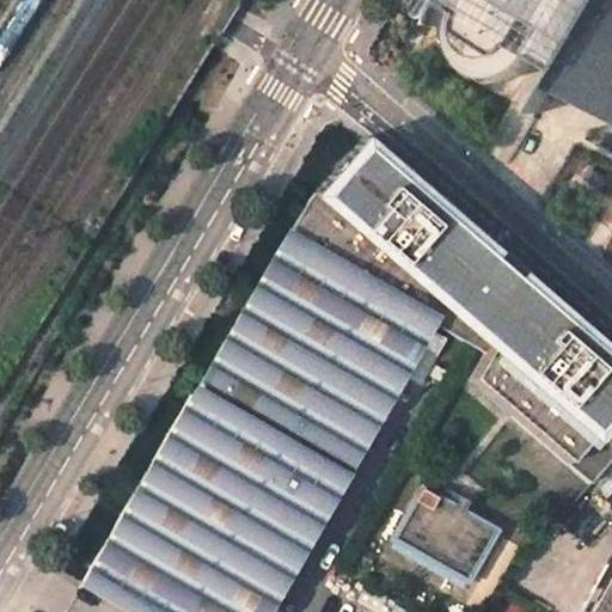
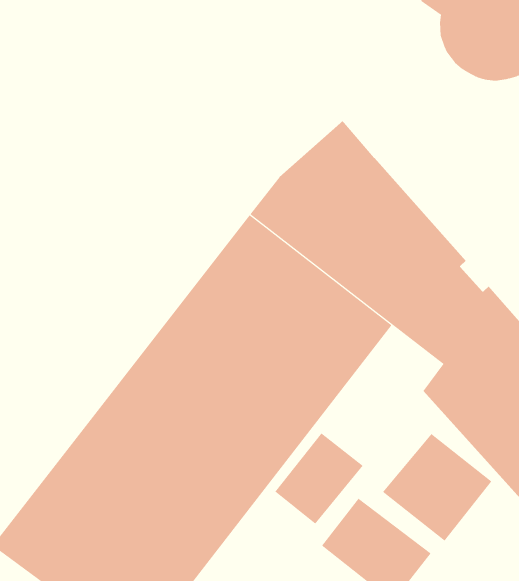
building: none -> [382,433,492,542]
building: none -> [275,432,363,524]

